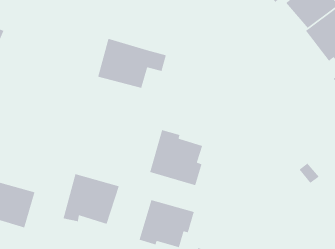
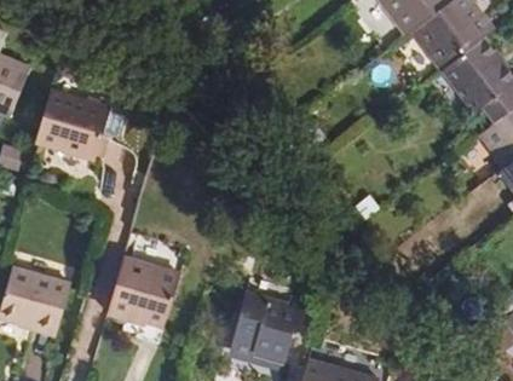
building: [97,38,167,89] -> [39,81,133,150]
building: [149,129,203,186] -> none

